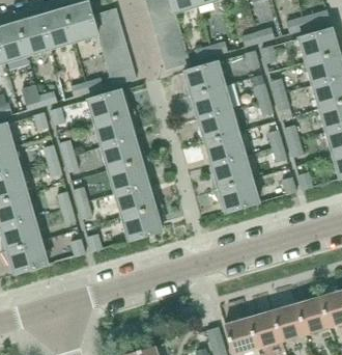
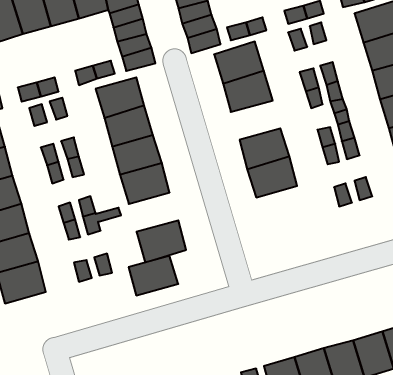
building: [198,109,238,141] -> none
building: [219,179,259,213] -> none
building: [115,184,155,216] -> [129,256,178,295]

